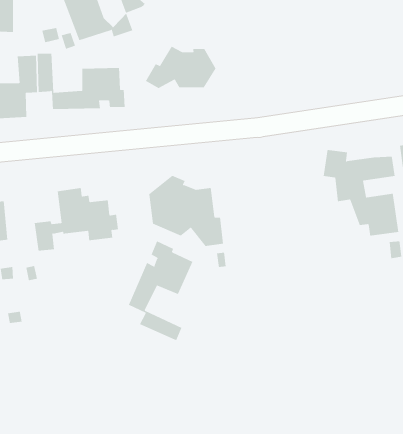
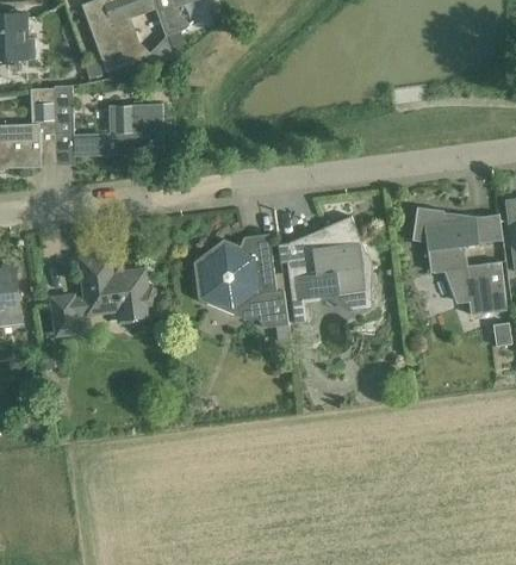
building: [145,46,216,89] -> none
building: none -> [276,216,369,323]
building: [128,240,193,341] -> none

